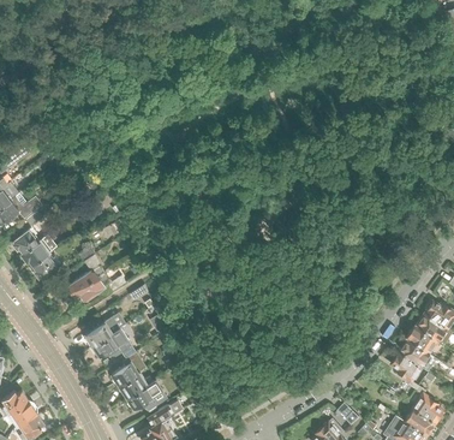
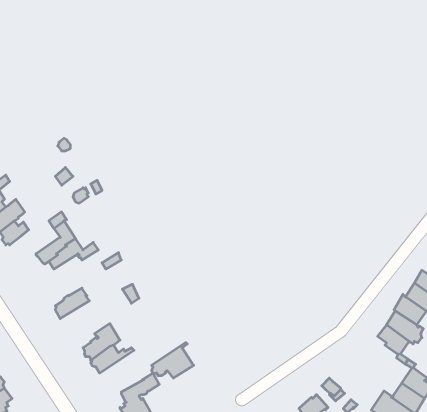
building: [89,329,127,358] -> none
building: [126,377,166,411] -> [152,343,194,378]

